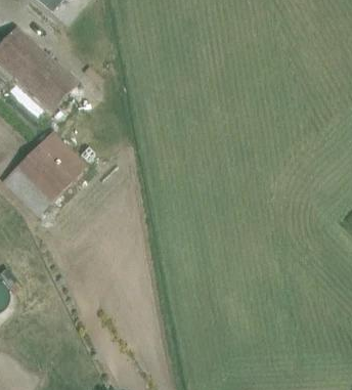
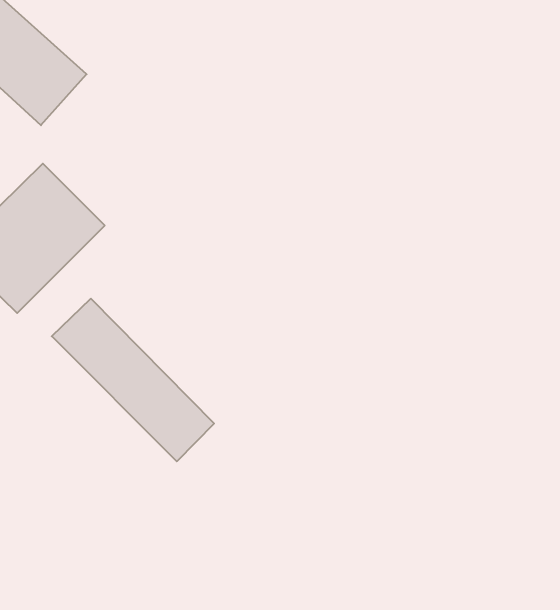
building: none -> [52,299,214,461]

